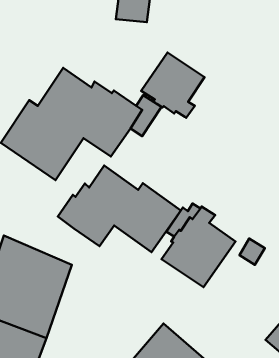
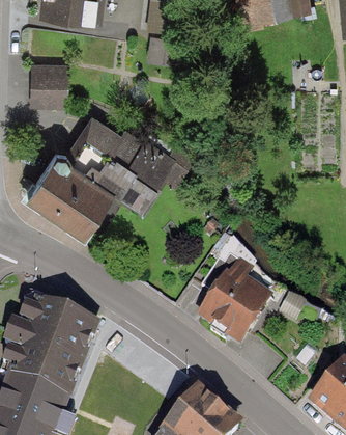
building: none -> [29,60,68,105]
building: [141,53,204,118] -> none
building: [58,166,181,252] -> none

